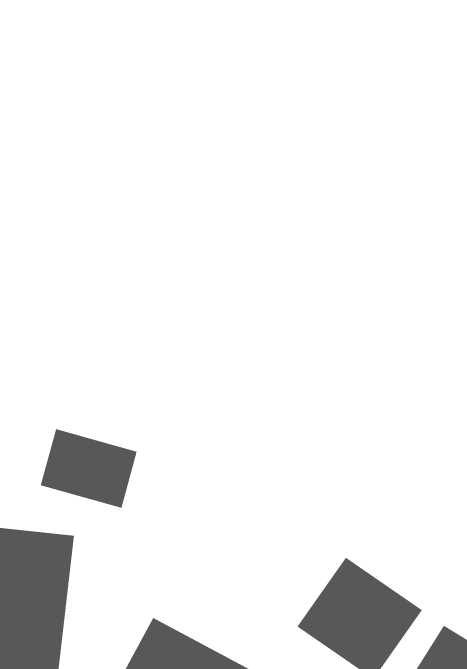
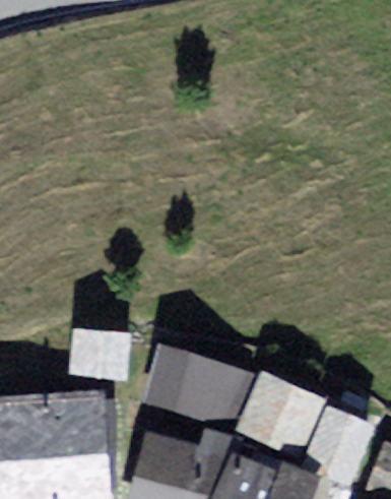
building: none -> [149,352,243,426]

